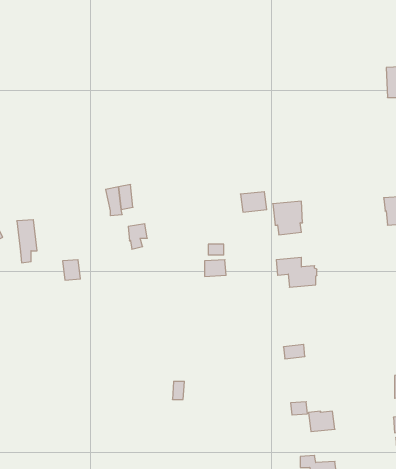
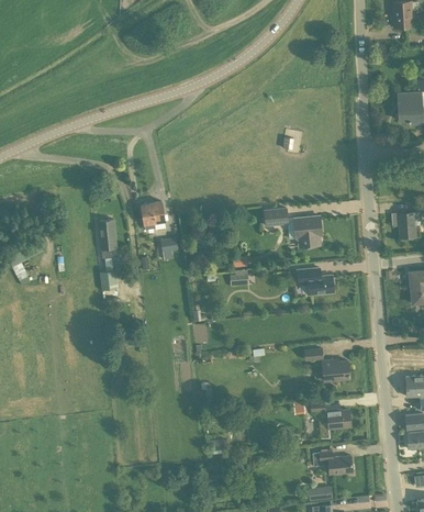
building: [17,220,37,263] -> [98,219,116,258]
building: none -> [322,359,349,380]

